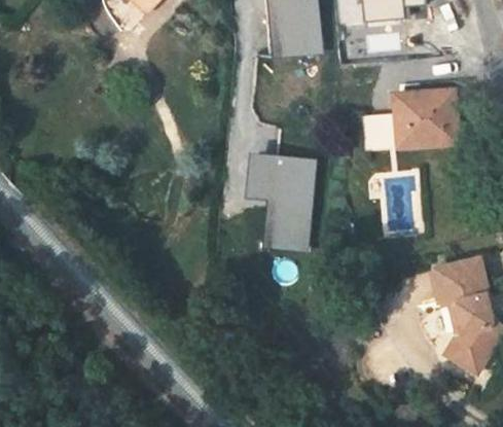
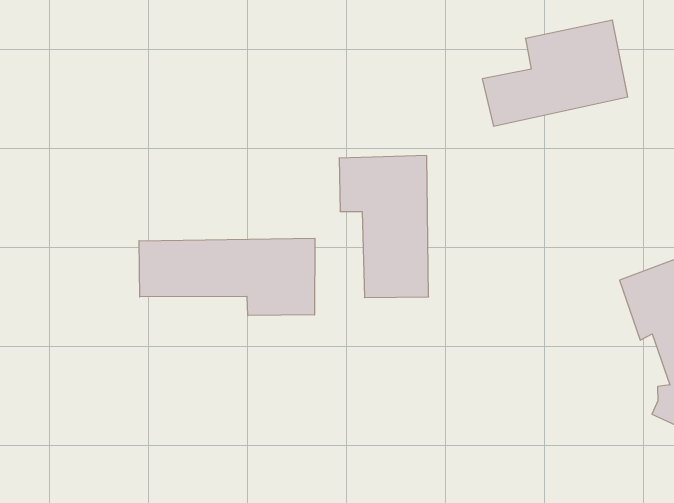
building: none -> [139,238,315,316]

